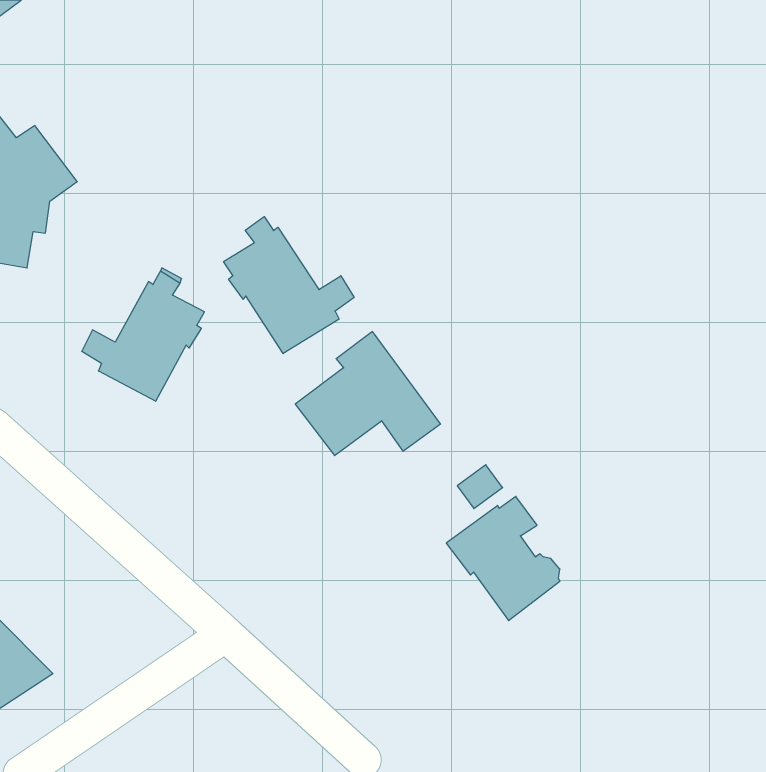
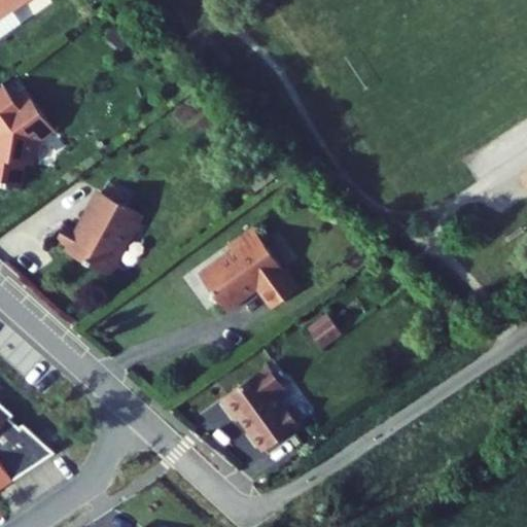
building: [224,217,354,354] -> none
building: [446,496,560,621] -> [222,367,300,452]

